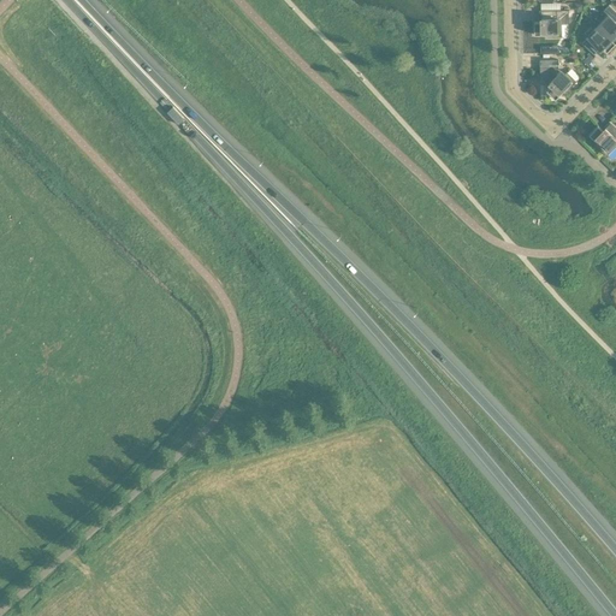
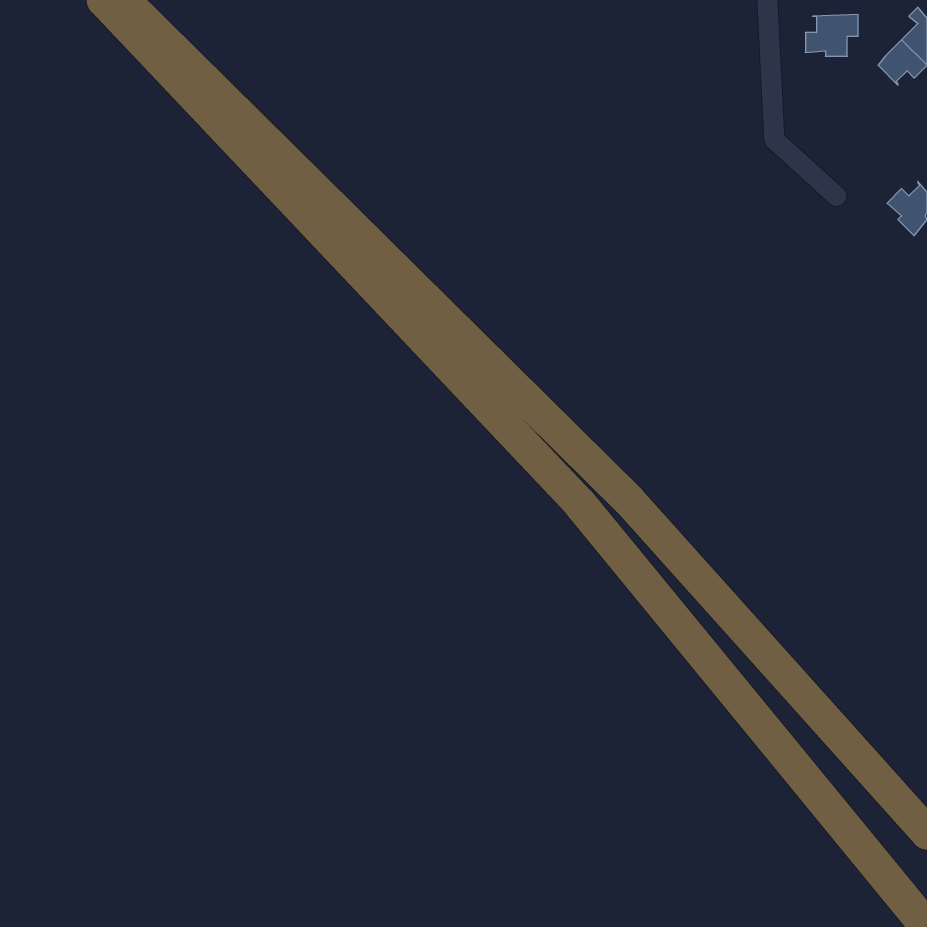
building: [539,59,576,99] -> none

